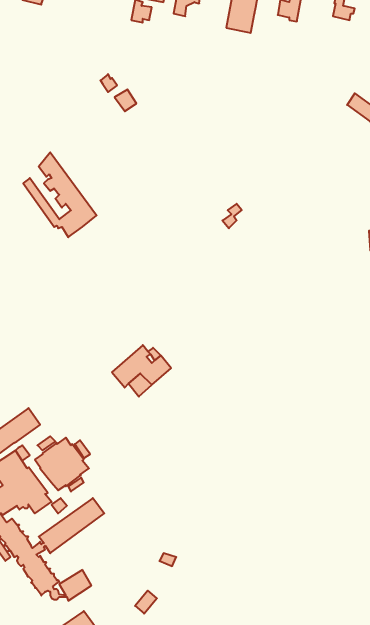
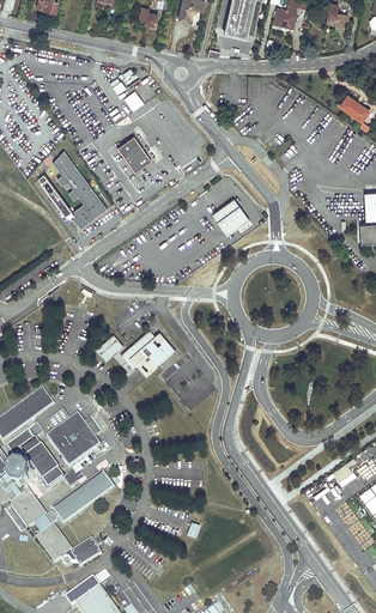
building: none -> [116,135,150,172]

